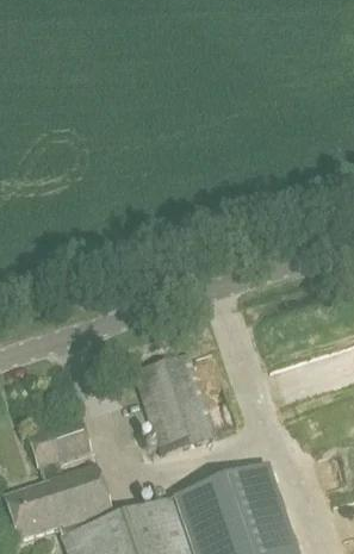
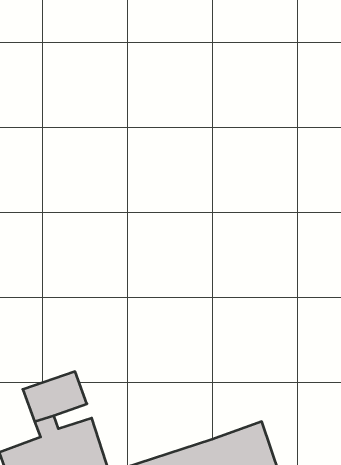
building: [135,354,217,455] -> none

